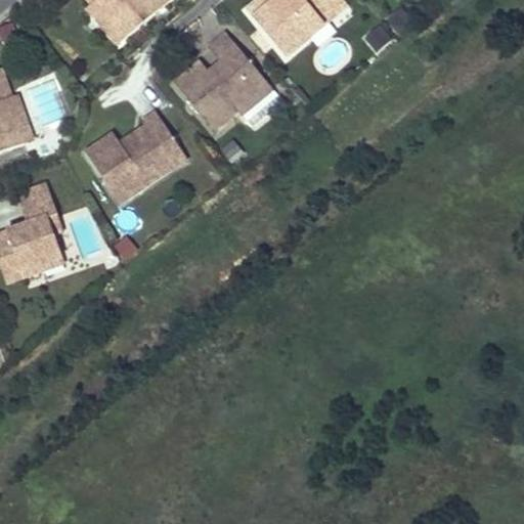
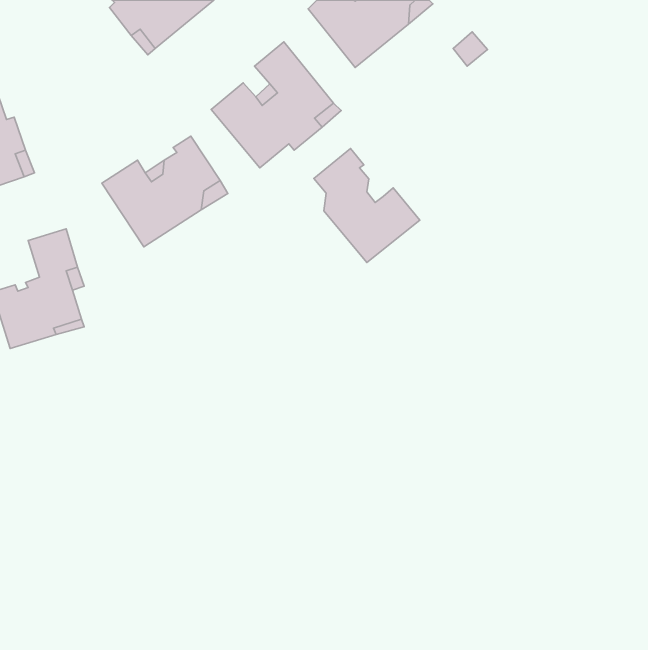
building: none -> [314,149,420,263]

